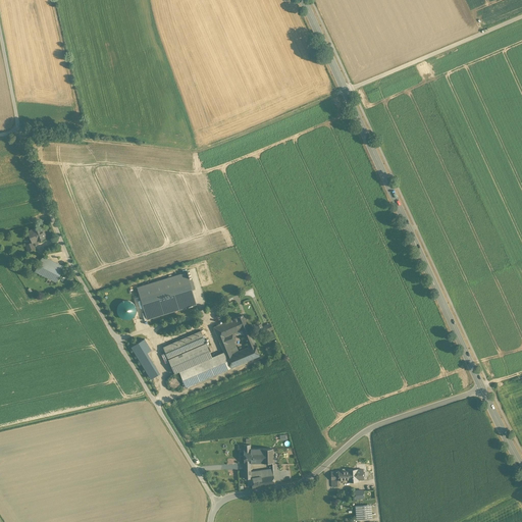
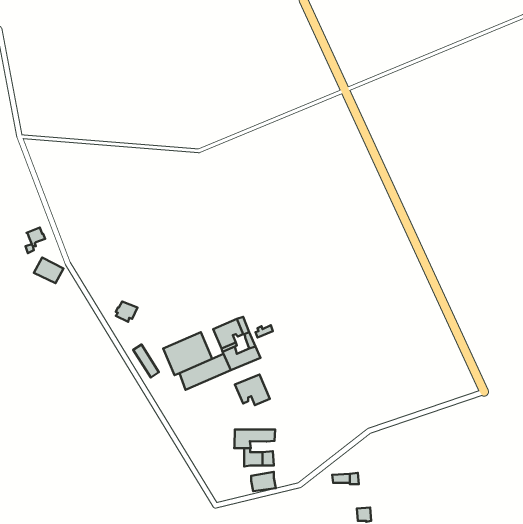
building: [137,270,196,321] -> none
building: none -> [235,374,270,405]
building: none -> [234,430,275,448]

